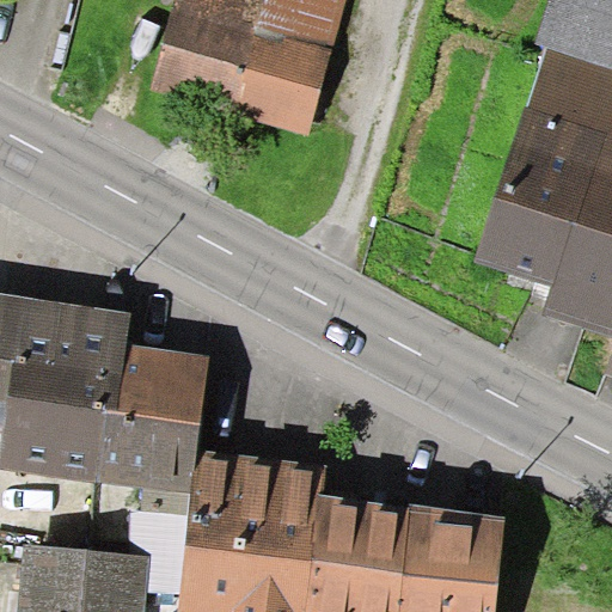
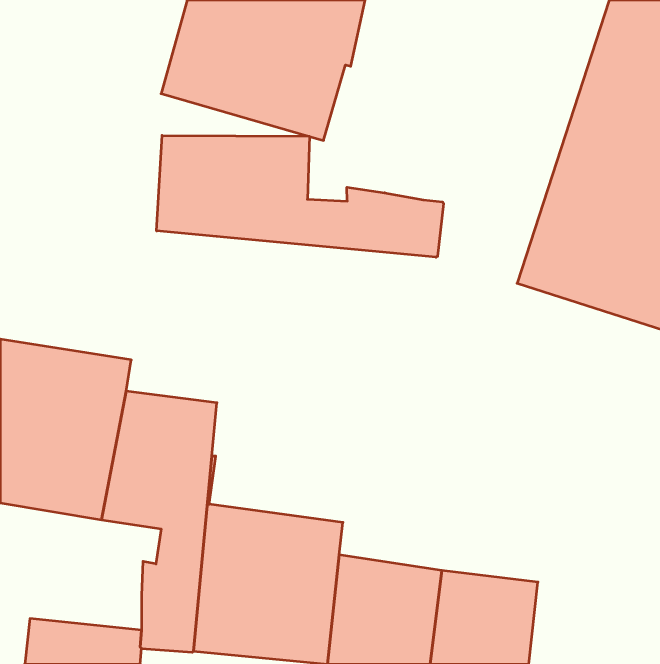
building: none -> [157,135,444,257]

